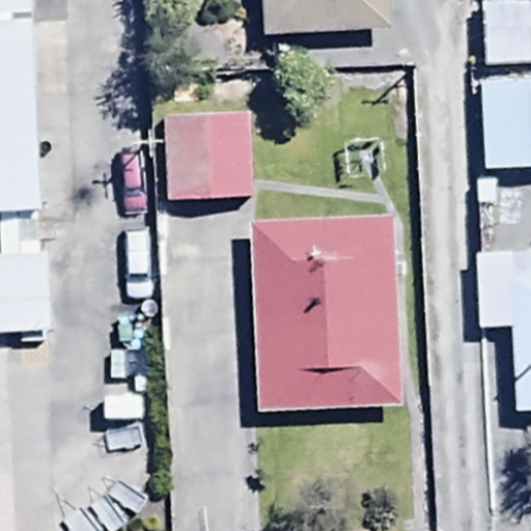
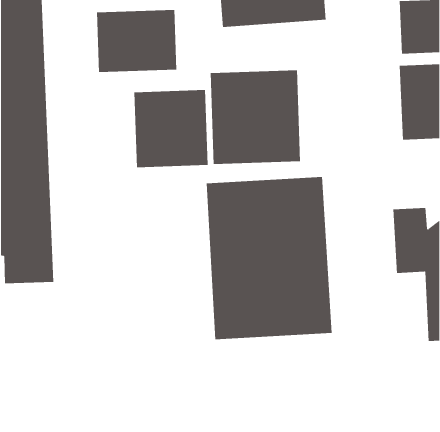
building: none -> [96,9,177,73]
building: none -> [210,69,301,165]

